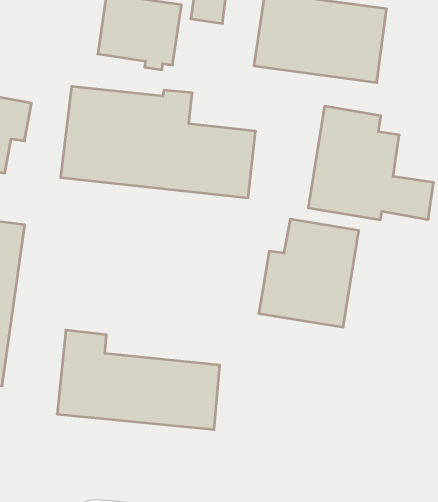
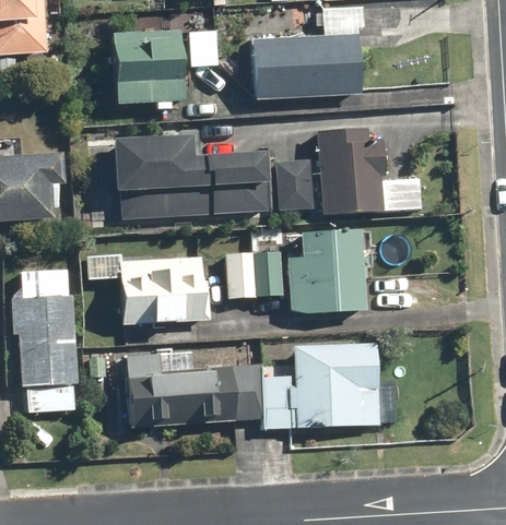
building: none -> [279,158,316,208]
building: none -> [87,252,211,322]
building: none -> [225,249,284,297]
building: none -> [261,339,400,429]

